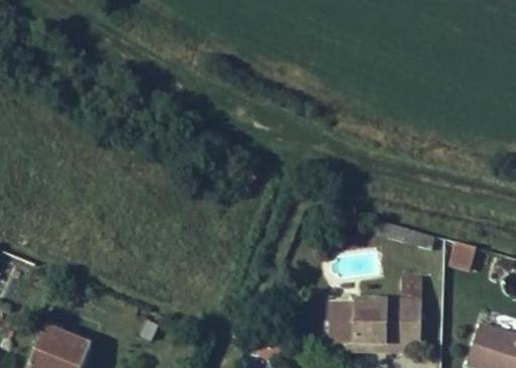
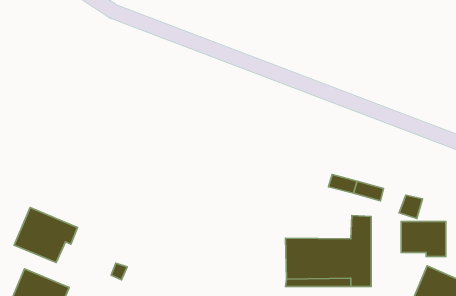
building: none -> [14,208,78,263]
building: none -> [401,222,446,257]

